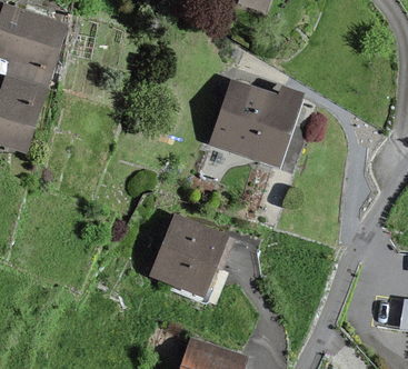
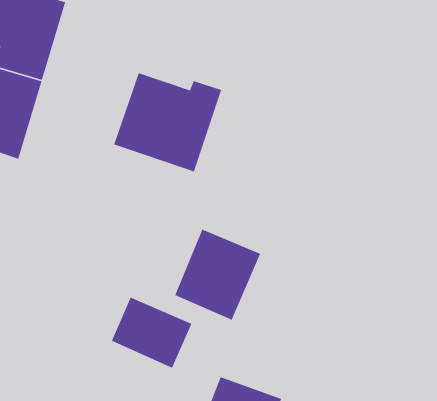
building: [210,82,302,167] -> [113,72,222,172]
building: none -> [111,296,192,369]

